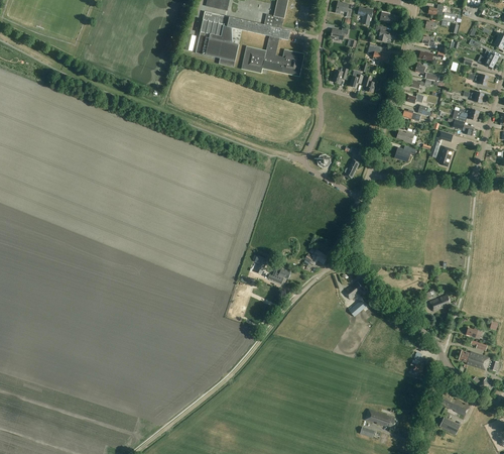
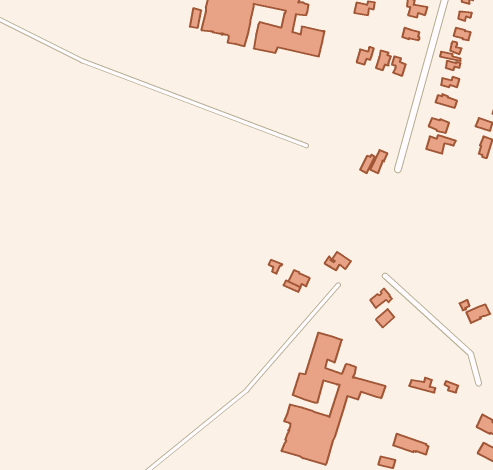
building: none -> [282,333,385,465]

